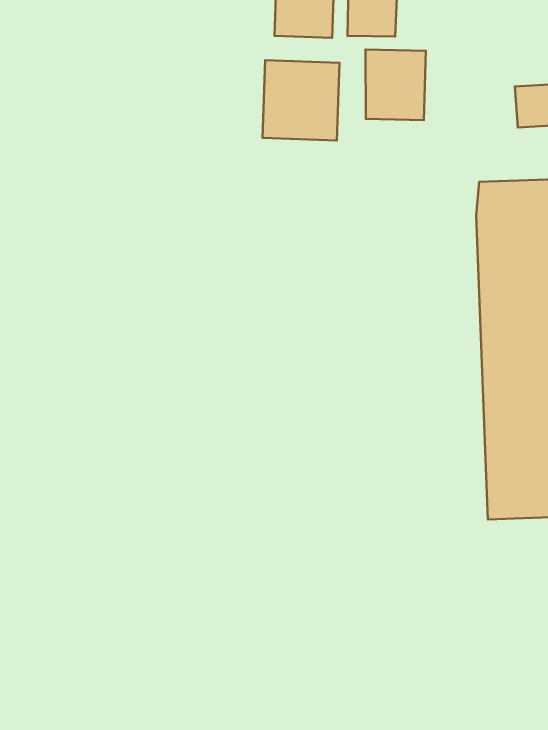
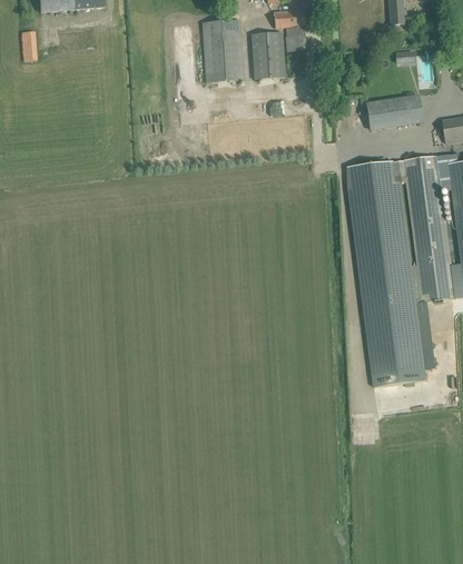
building: [366,49,426,120] -> none
building: [263,60,340,140] -> none

